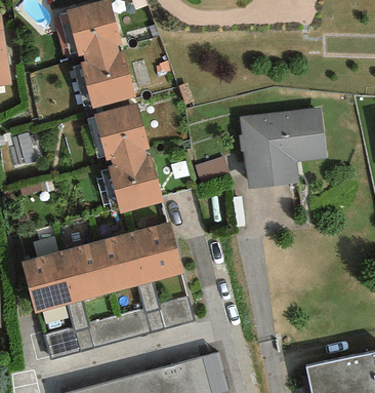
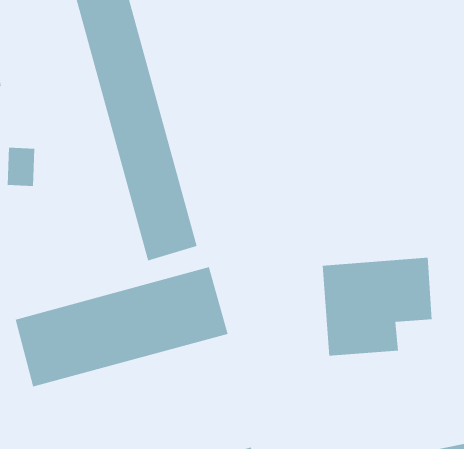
building: [237,114,321,189] -> [322,257,433,356]
building: [47,298,195,348] -> none

